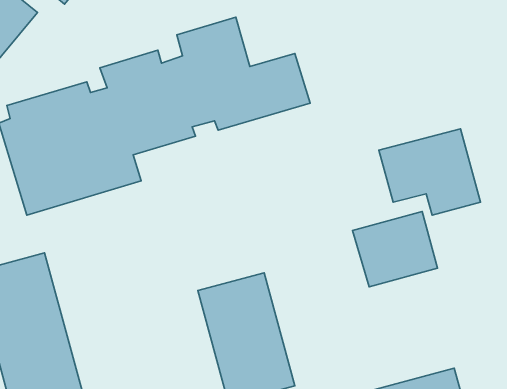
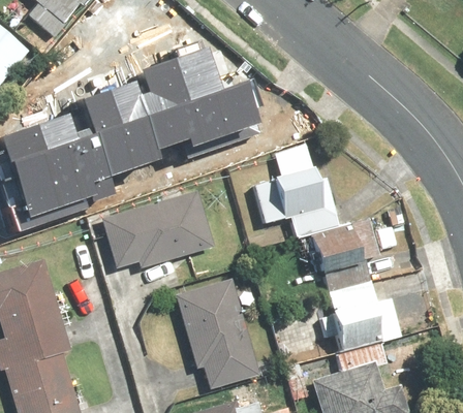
building: [379,129,481,215] -> [250,162,339,237]
building: none -> [94,189,211,273]
building: none -> [323,294,404,355]

